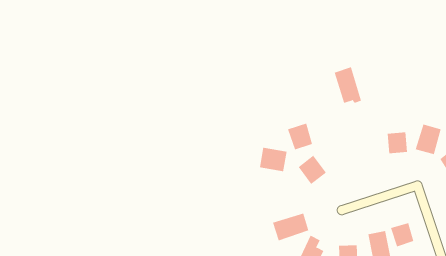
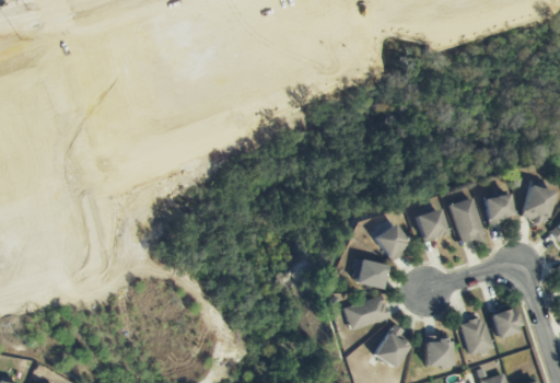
building: [334,66,362,103] -> [450,197,485,243]
building: [287,123,313,150] -> [415,208,446,242]
building: [259,147,287,172] -> [351,258,386,289]

